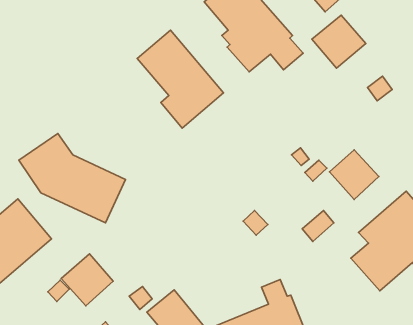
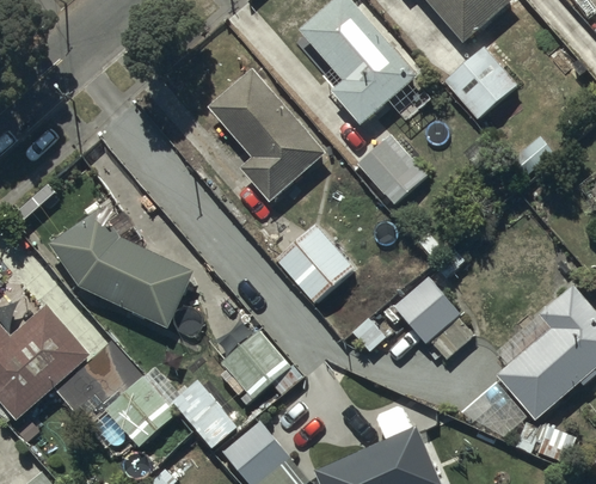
building: none -> [354,130,430,202]
building: none -> [276,225,354,304]
building: [330,150,379,199] -> [394,272,461,339]
building: none -> [220,329,293,402]
building: none -> [78,336,143,402]

